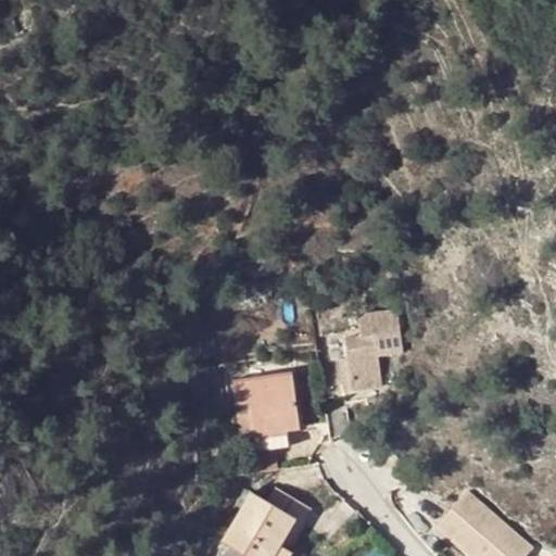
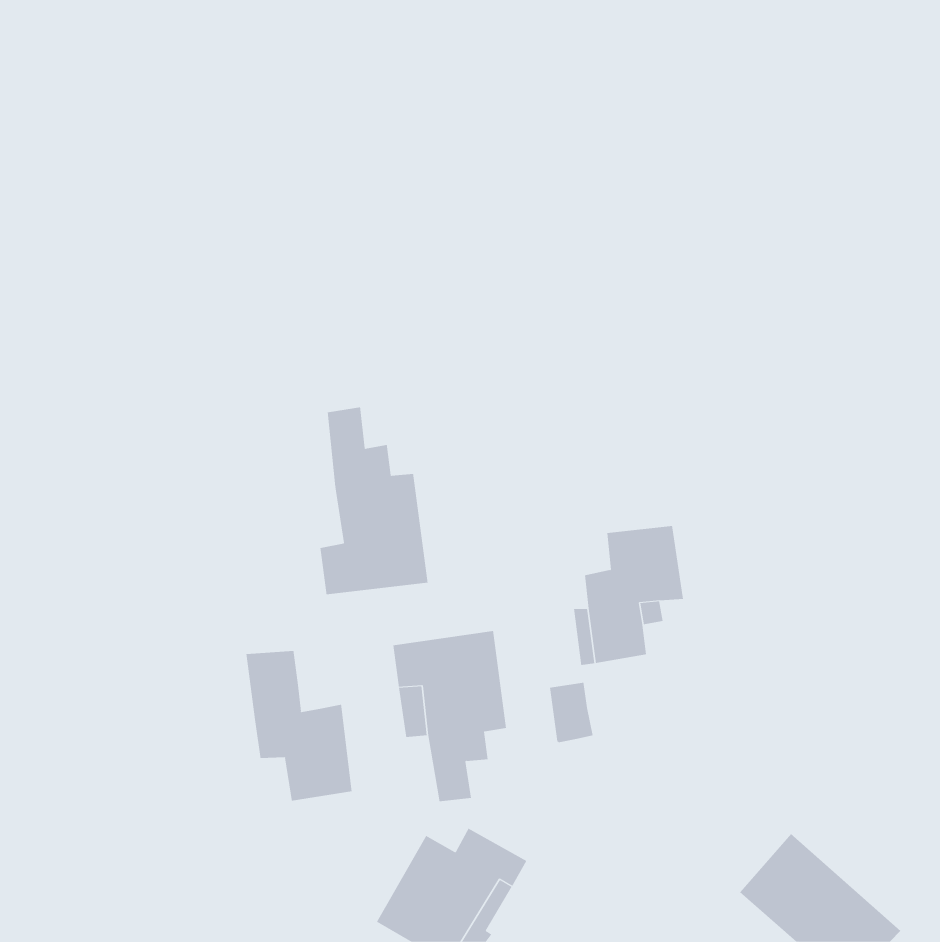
building: none -> [320,407,428,595]
building: none -> [246,650,352,802]

